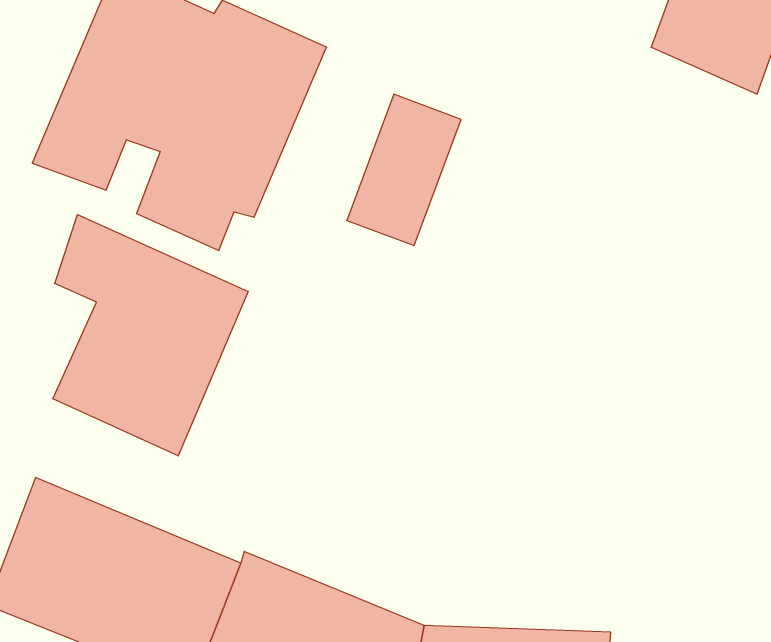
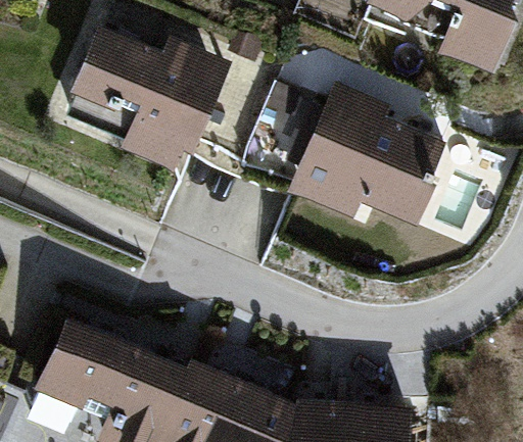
building: none -> [286,80,449,226]
building: [53,215,248,456] -> none

